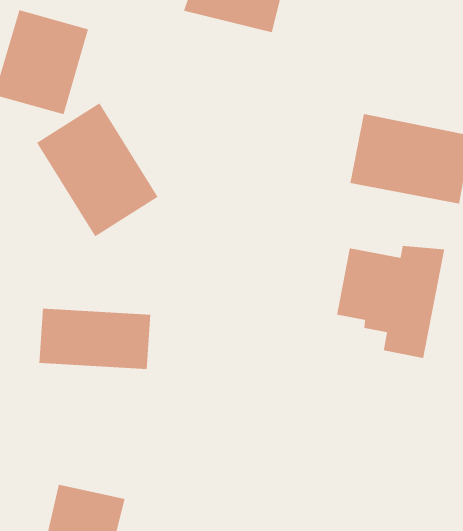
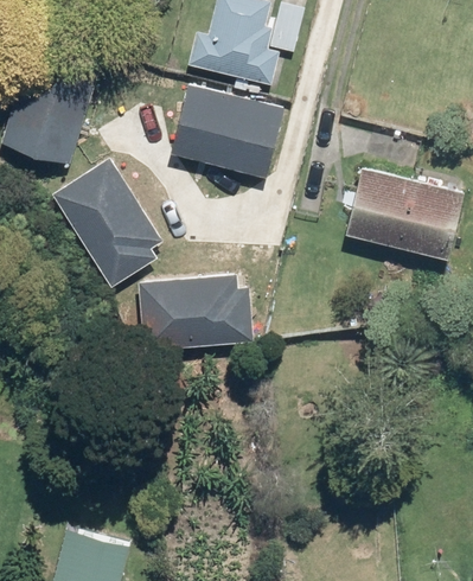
building: none -> [175,88,286,177]
building: [336,245,445,359] -> none
building: [38,308,151,369] -> [143,279,253,338]

